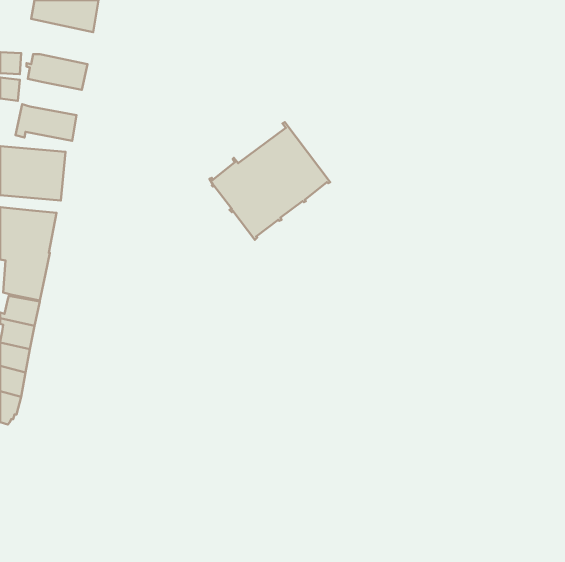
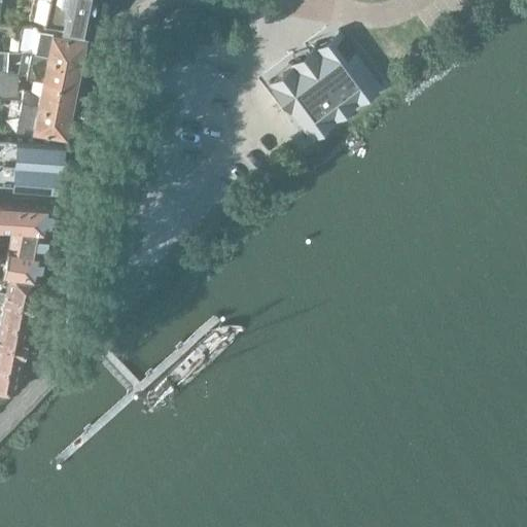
building: none -> [29,30,86,64]
building: none -> [22,80,77,111]
building: [210,122,330,240] -> [270,33,382,142]

